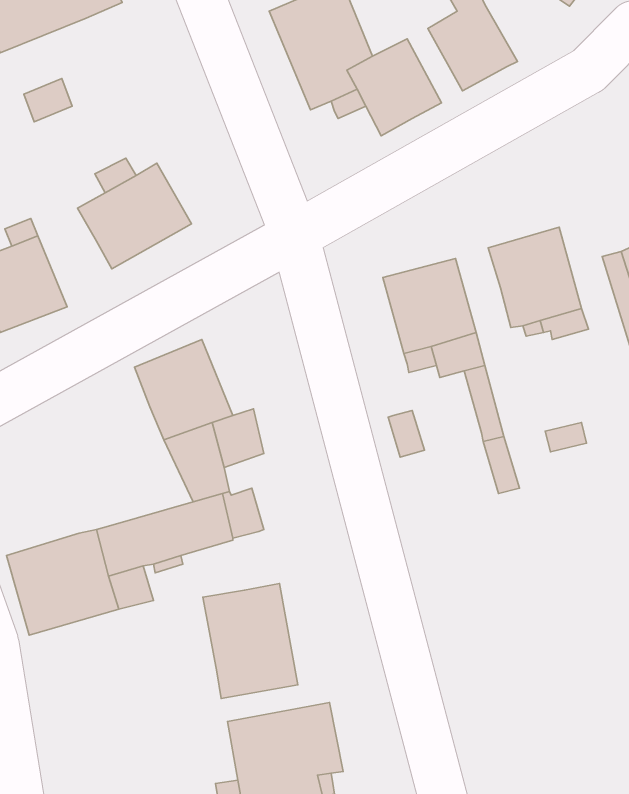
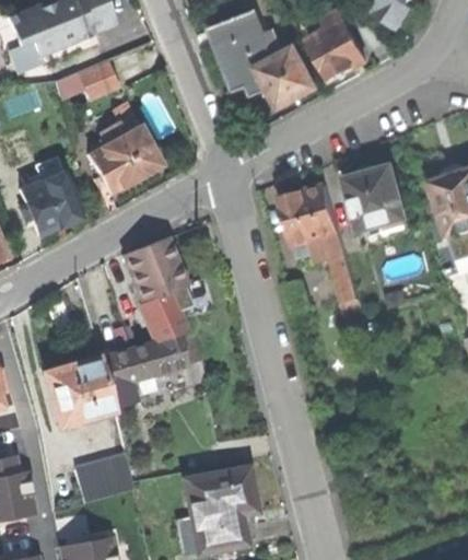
building: none -> [77,60,118,98]
building: [203,584,298,699] -> none
building: none -> [73,455,132,502]

